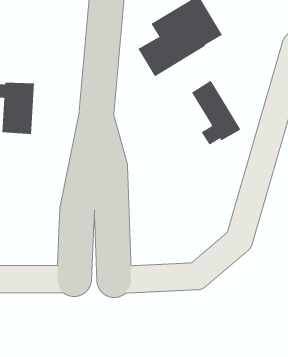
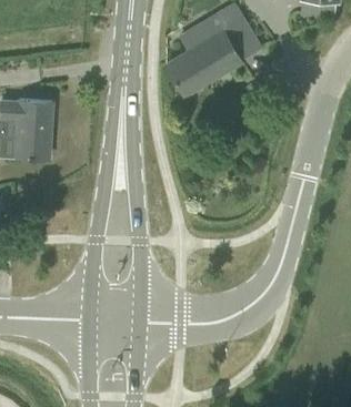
building: [191,80,241,146] -> none

